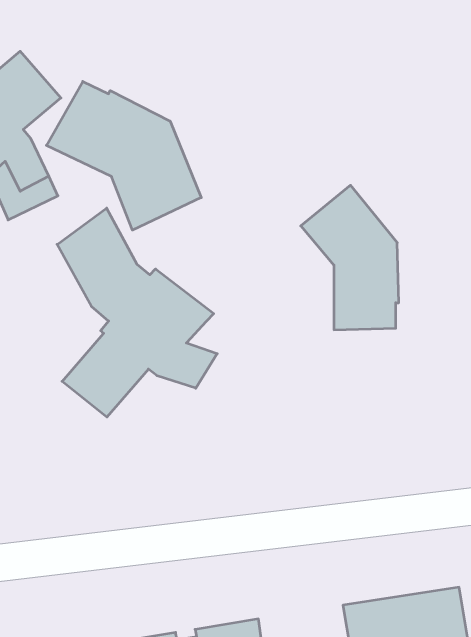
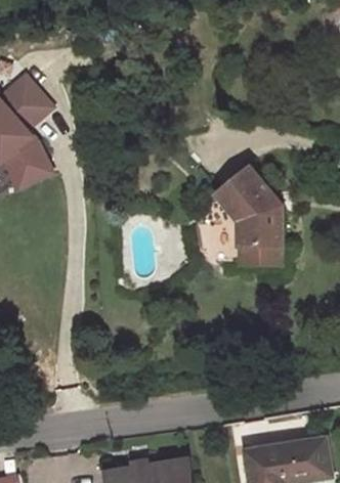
building: [46,81,201,230] -> none
building: [57,208,217,417] -> none

